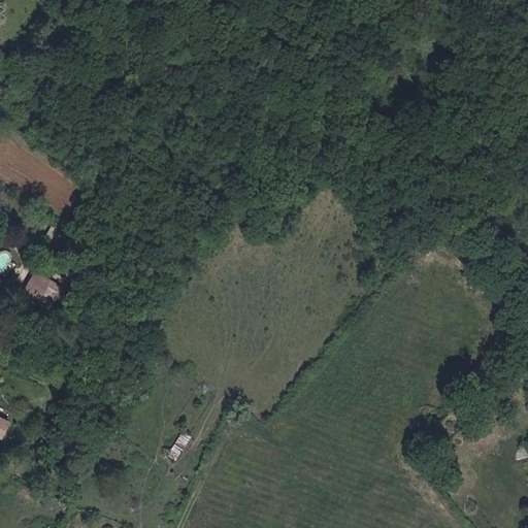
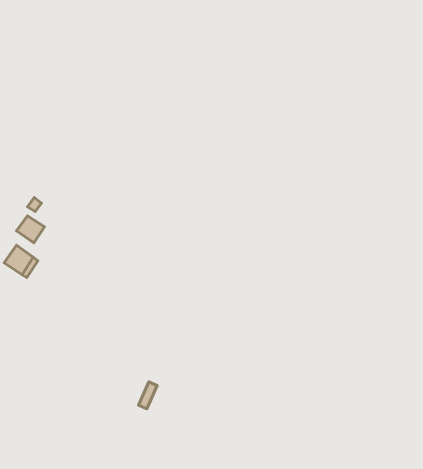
building: none -> [16,216,45,243]

